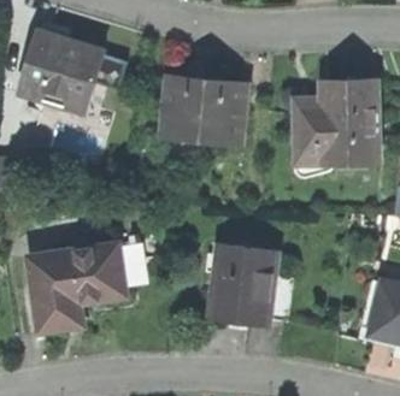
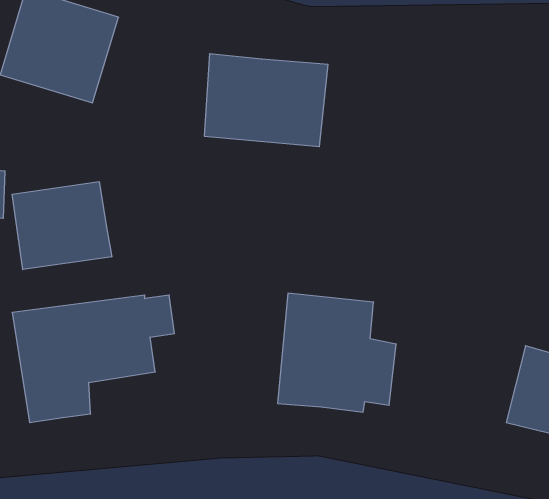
building: [293,81,377,183] -> none
building: none -> [12,182,112,270]

